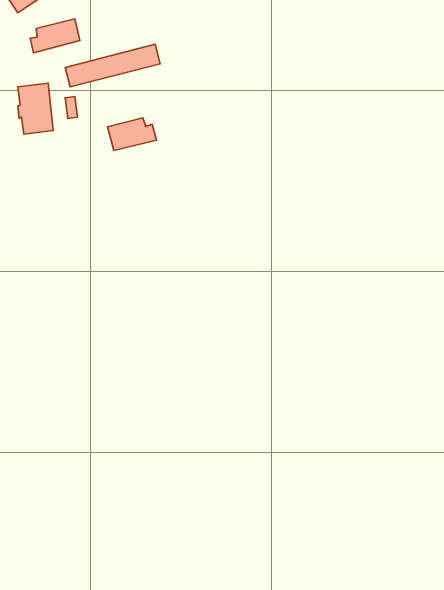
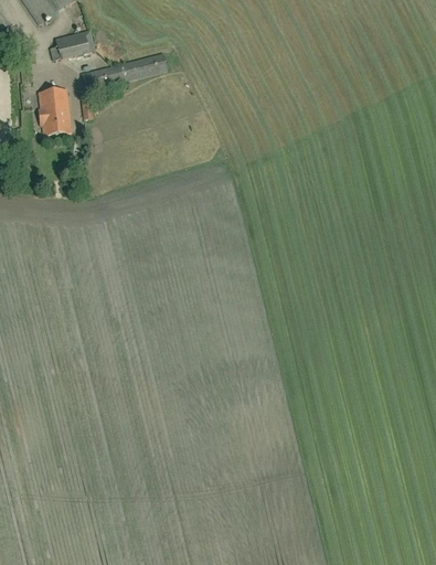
building: [107,118,156,150] -> none

